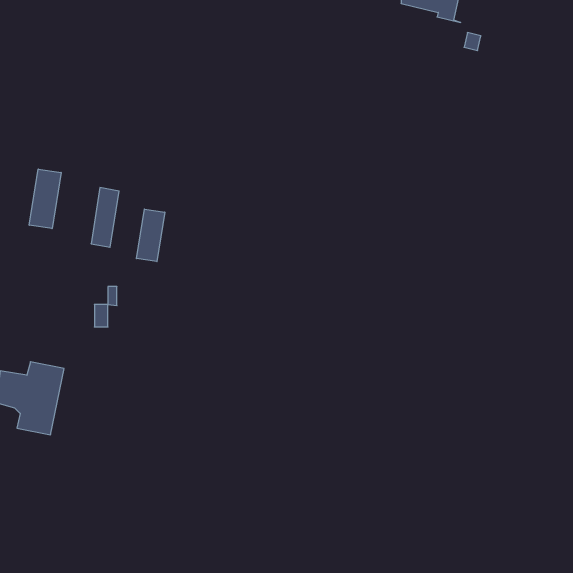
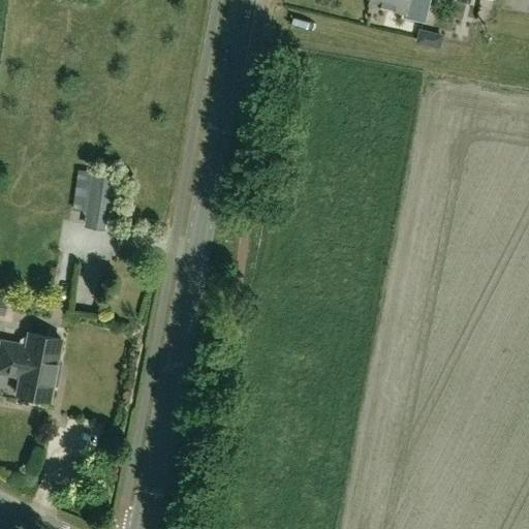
building: [29,169,61,229] -> none
building: [136,209,165,262] -> none

